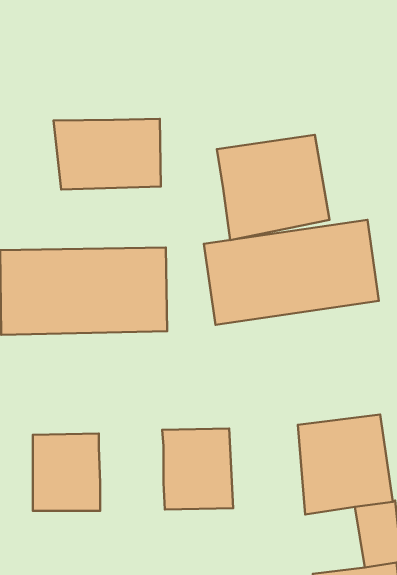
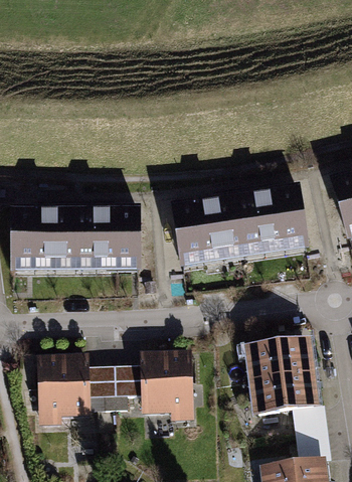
building: [54,119,161,190] -> none
building: [217,135,330,240] -> none
building: none -> [89,367,140,396]

